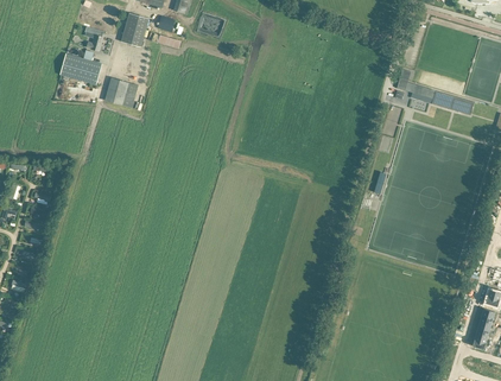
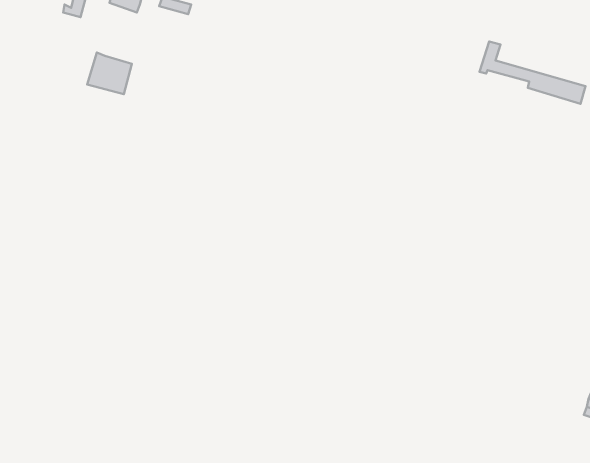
building: [61,52,102,83] -> none

